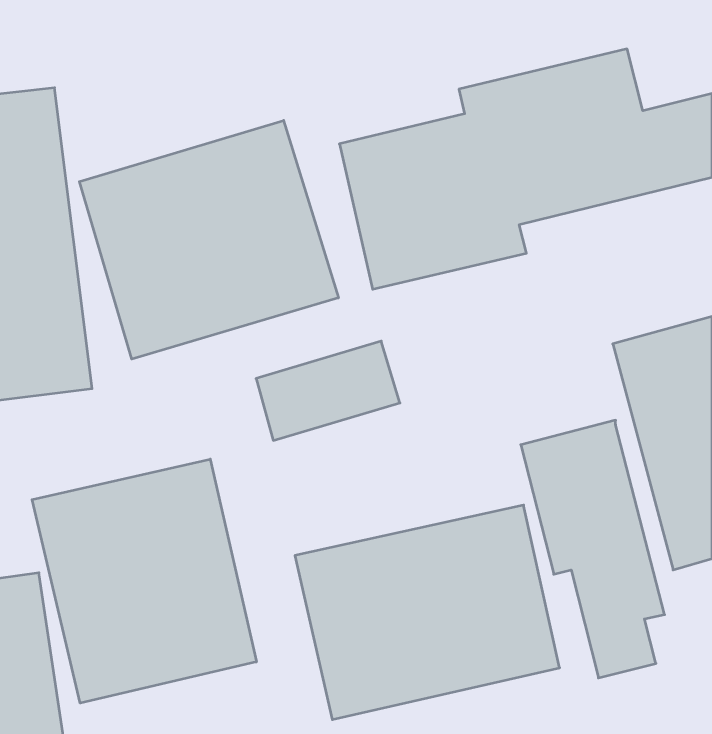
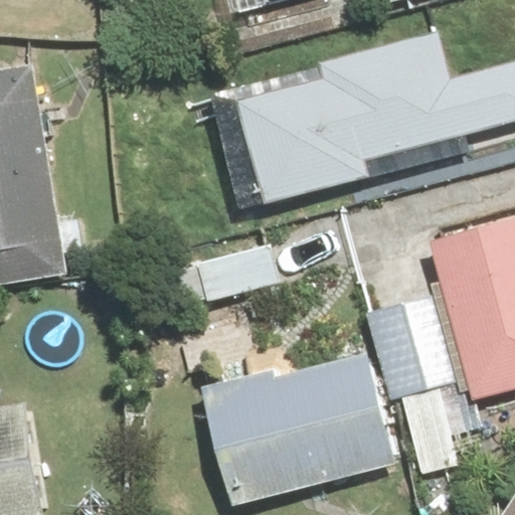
building: [79,120,338,359] -> none
building: [32,459,256,703] -> none

